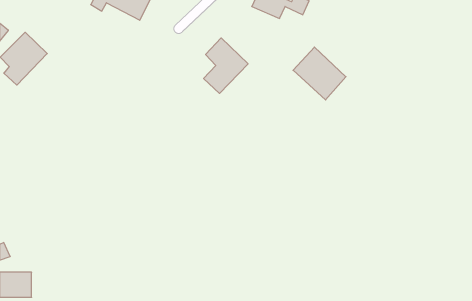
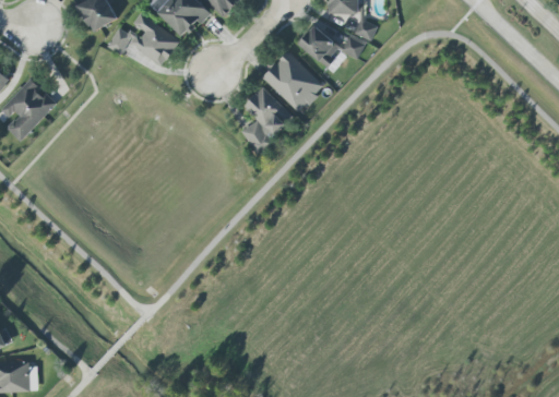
building: [293,47,346,100] -> [262,50,324,112]

